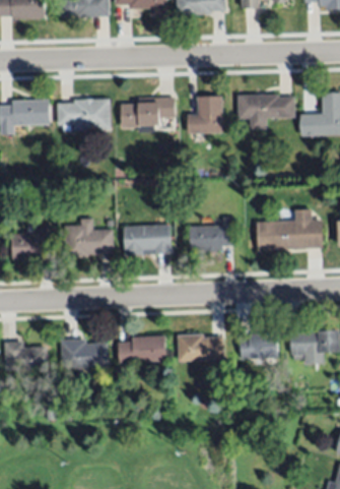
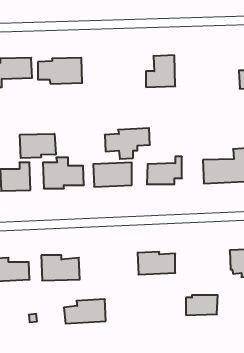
building: [239,95,294,129] -> none
building: [121,97,176,134] -> [105,128,150,159]
building: none -> [20,134,56,158]
building: [241,333,279,358] -> [186,295,218,315]
building: [116,334,166,364] -> [64,299,106,324]

